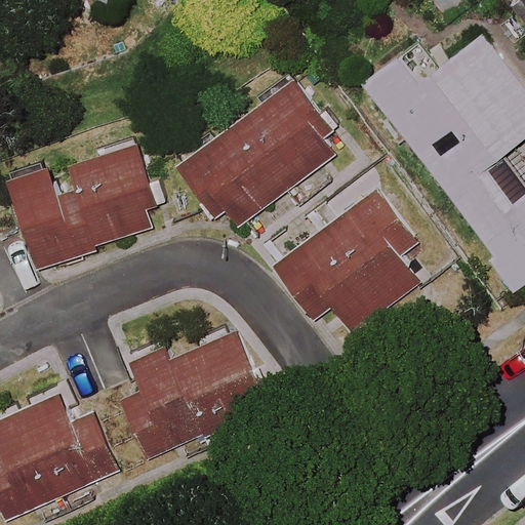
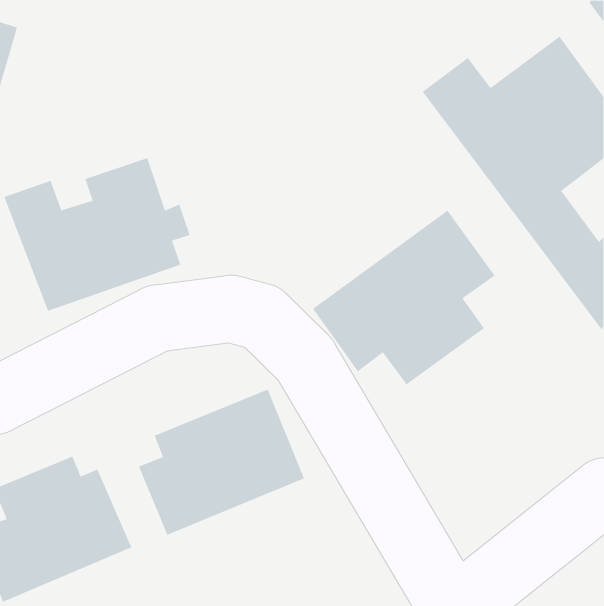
building: [171,81,339,220] -> none

